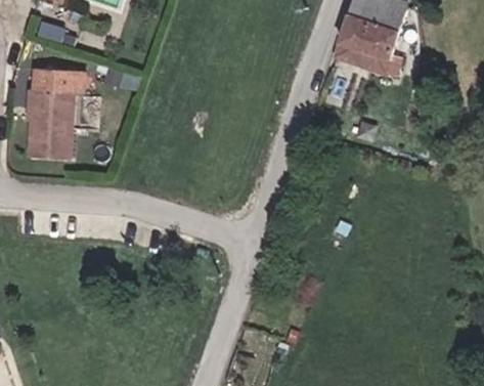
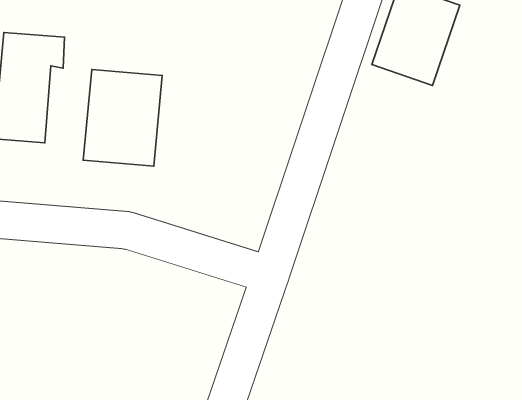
building: none -> [83,69,162,166]

